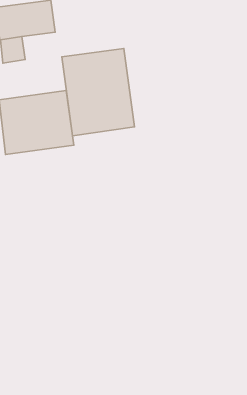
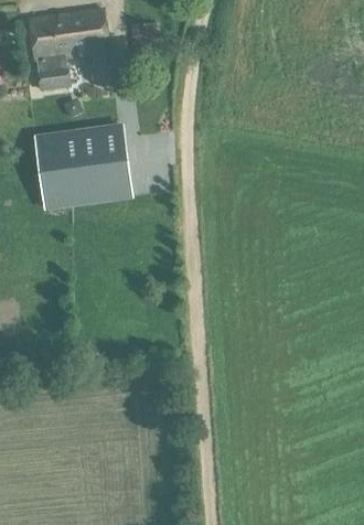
building: [62,49,134,136] -> none

